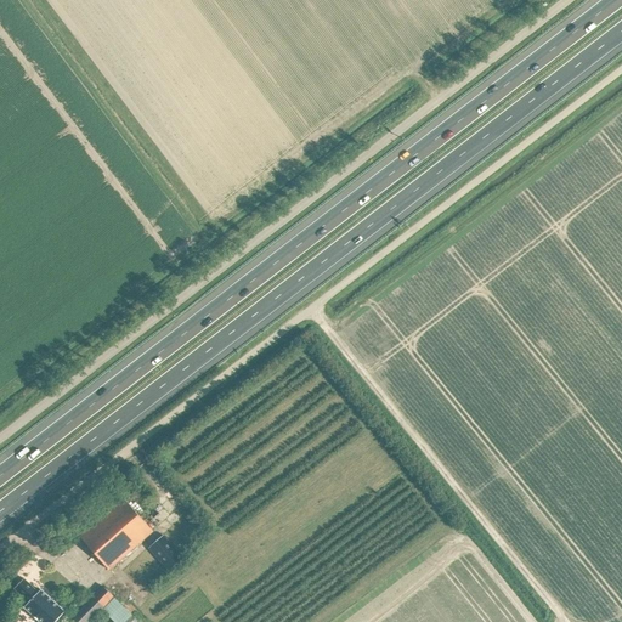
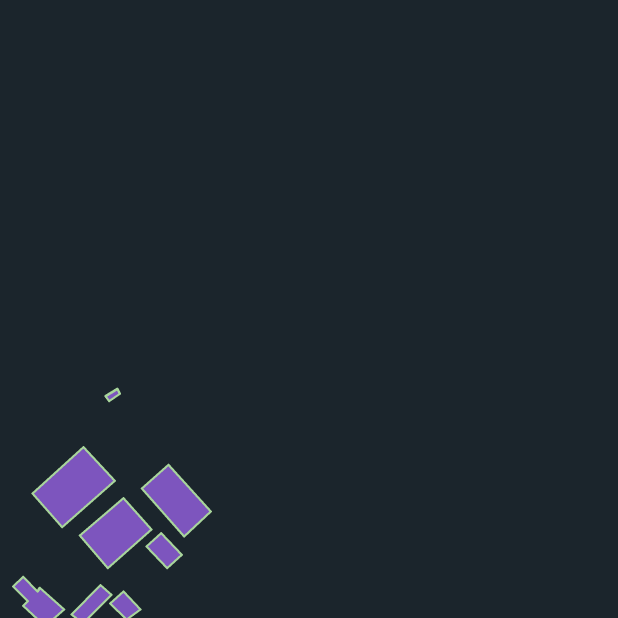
building: none -> [32,447,115,527]
building: none -> [142,465,211,536]

